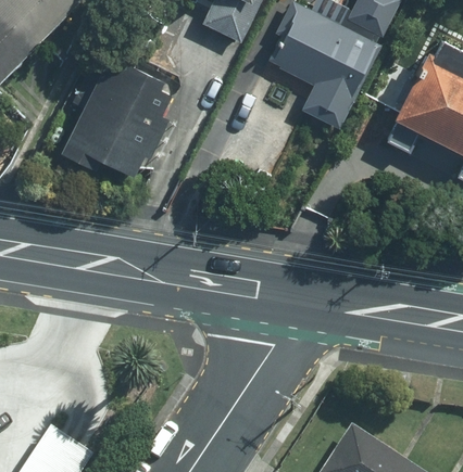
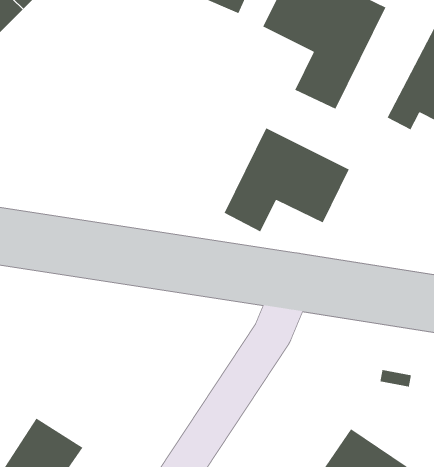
building: [64,54,173,182] -> none
building: none -> [223,127,350,233]

